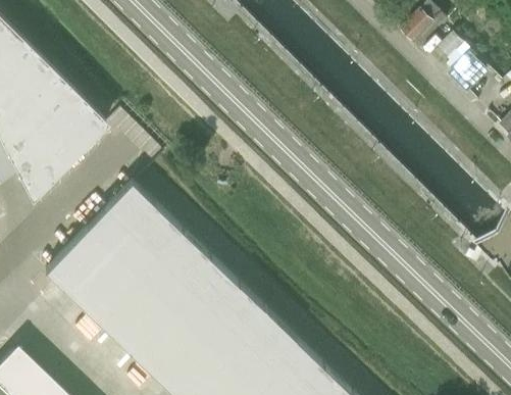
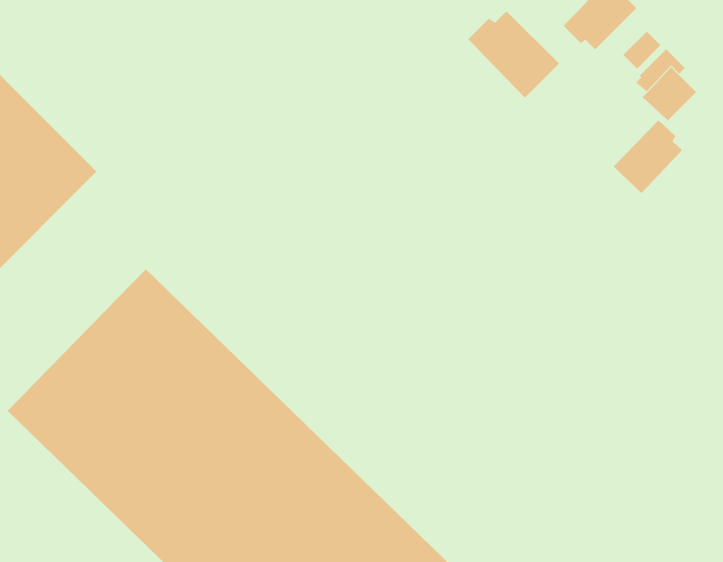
building: none -> [468,10,560,98]
building: none -> [613,119,683,194]

